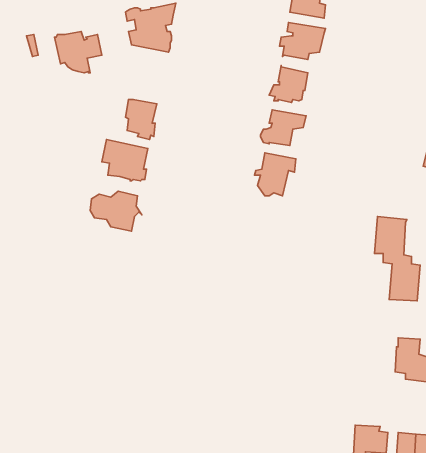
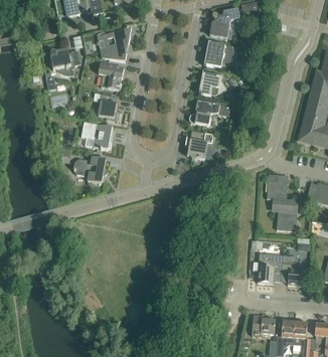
building: none -> [98,62,123,90]
building: none -> [257,252,282,283]

